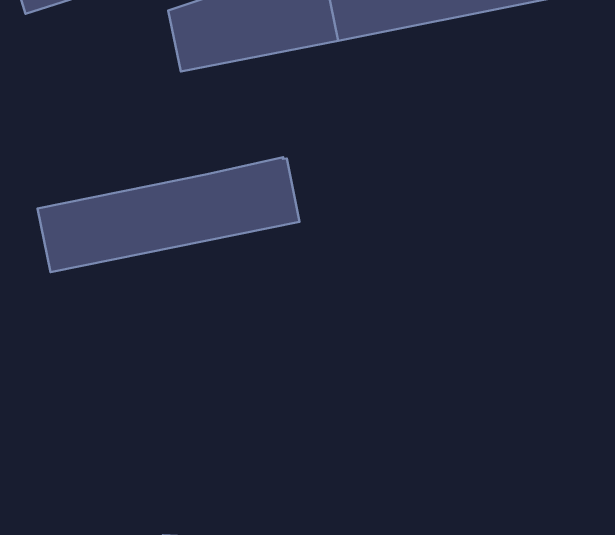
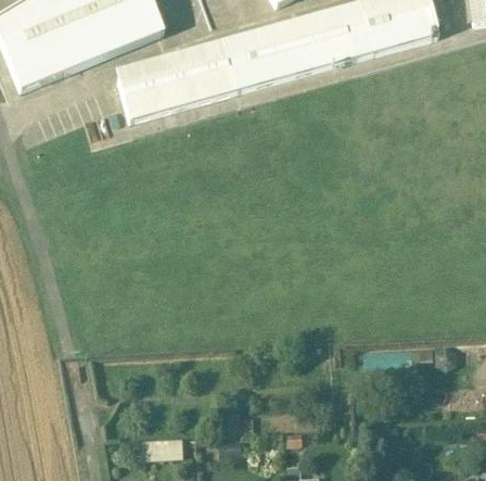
building: [38,157,300,272] -> none

